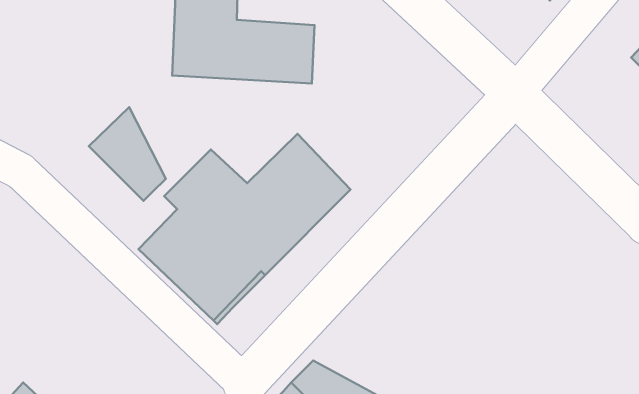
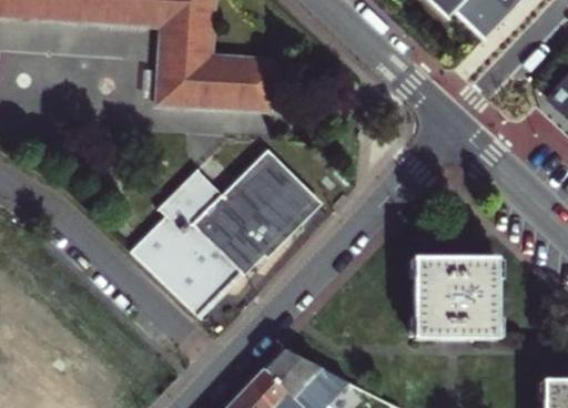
building: [89,107,166,201] -> none
building: none -> [413,256,498,340]

